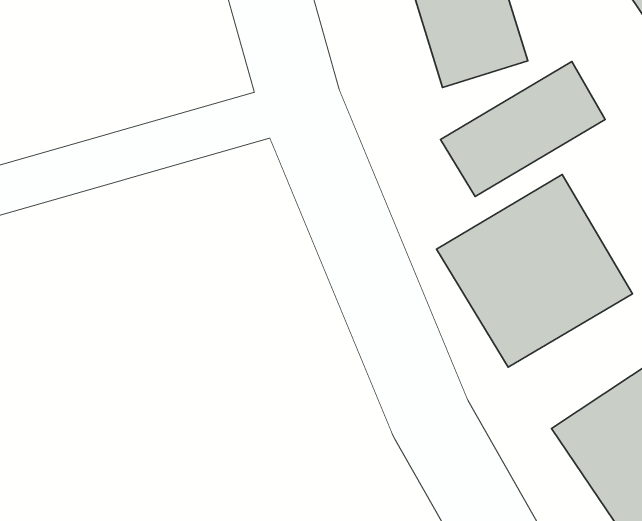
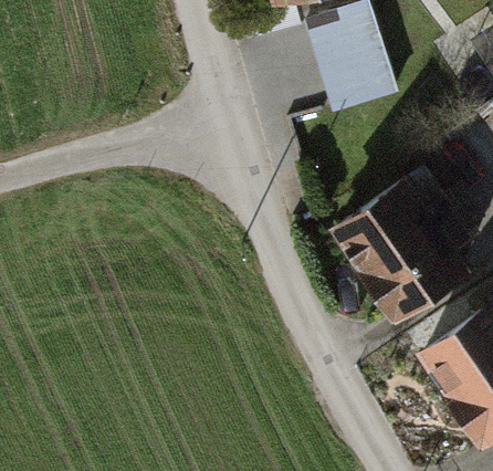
building: [440,61,605,197] -> none

